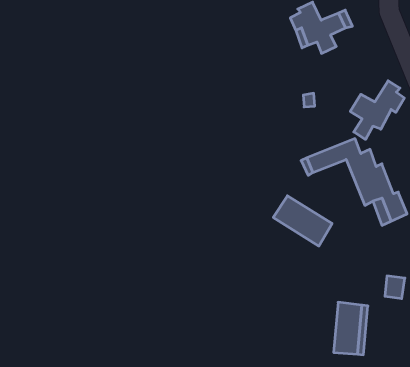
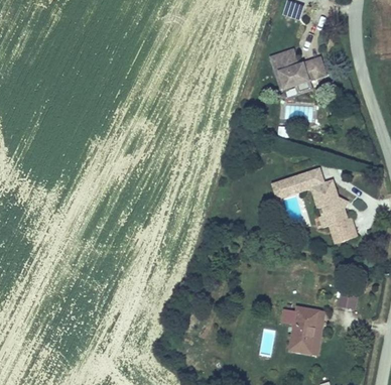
building: [350,81,404,139] -> none
building: [273,196,332,246] -> none

